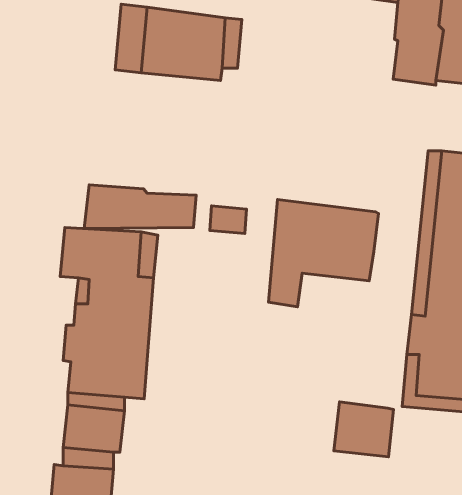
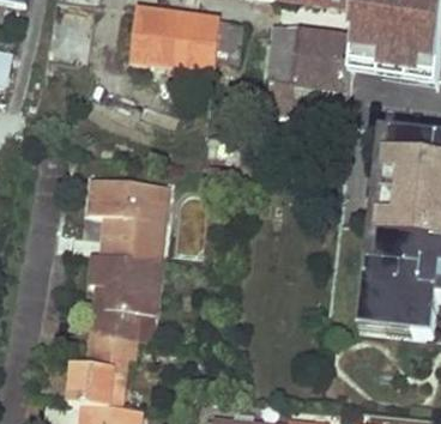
building: [84,185,196,229] -> none
building: [268,200,378,307] -> [266,24,352,108]
building: [334,402,394,457] -> none

